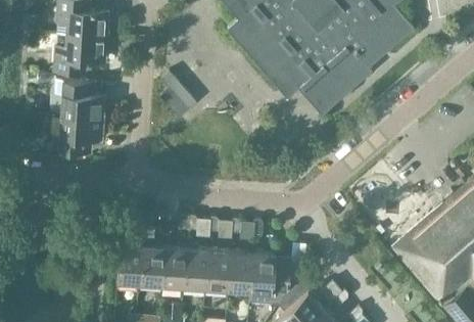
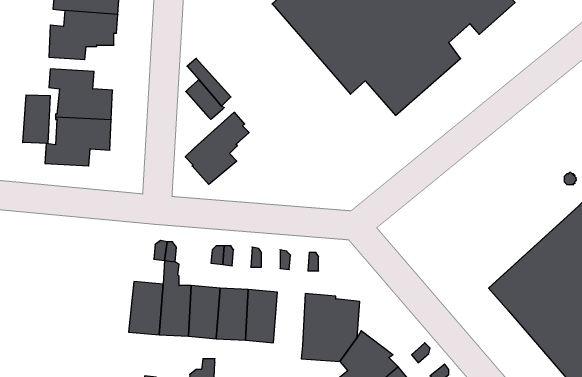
building: none -> [23,95,50,143]
building: none -> [185,112,249,184]
building: [228,251,252,292] -> none

